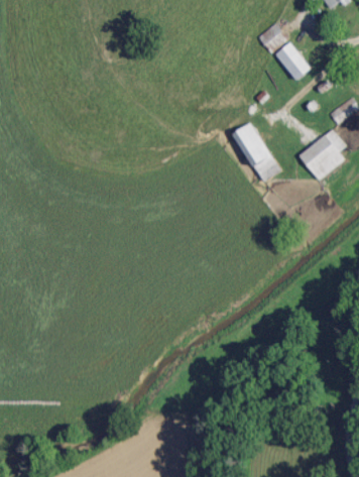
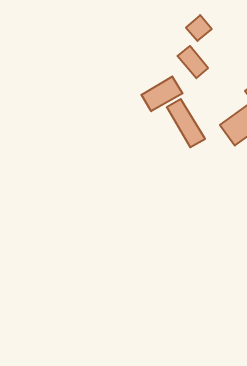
building: [274,41,312,81] -> [177,46,208,78]
building: none -> [141,76,183,111]

